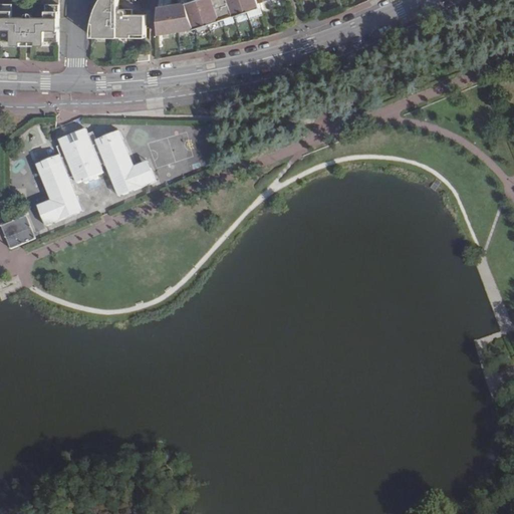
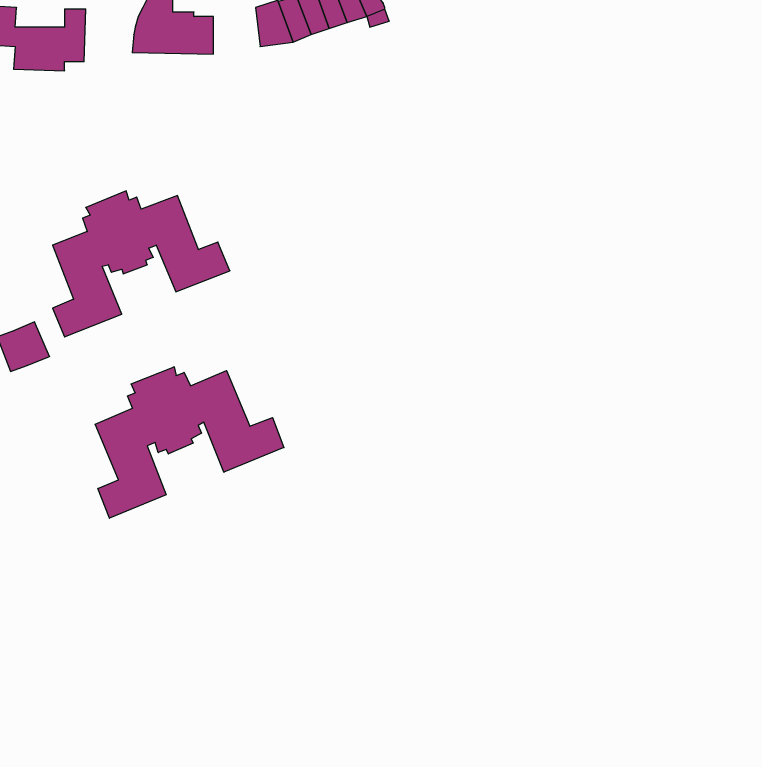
building: [155,5,174,35] -> none
building: none -> [95,367,284,518]

